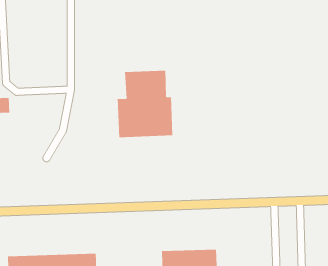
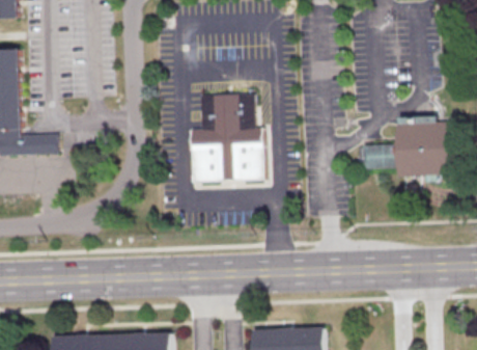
building: none -> [364,118,457,185]

